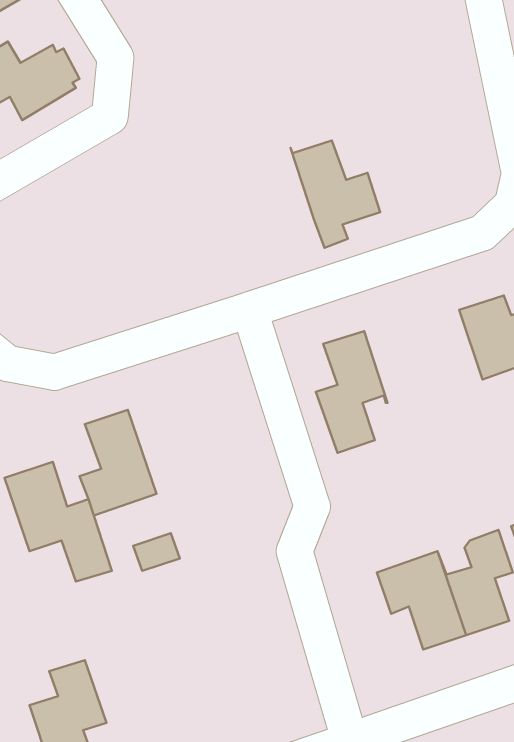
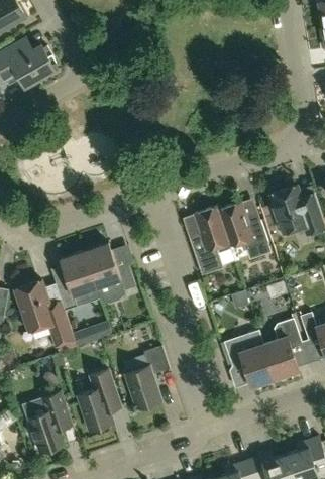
building: [291,141,380,248] -> [217,202,267,262]
building: none -> [84,242,135,302]
building: none -> [125,345,170,408]
building: none -> [78,369,120,431]

